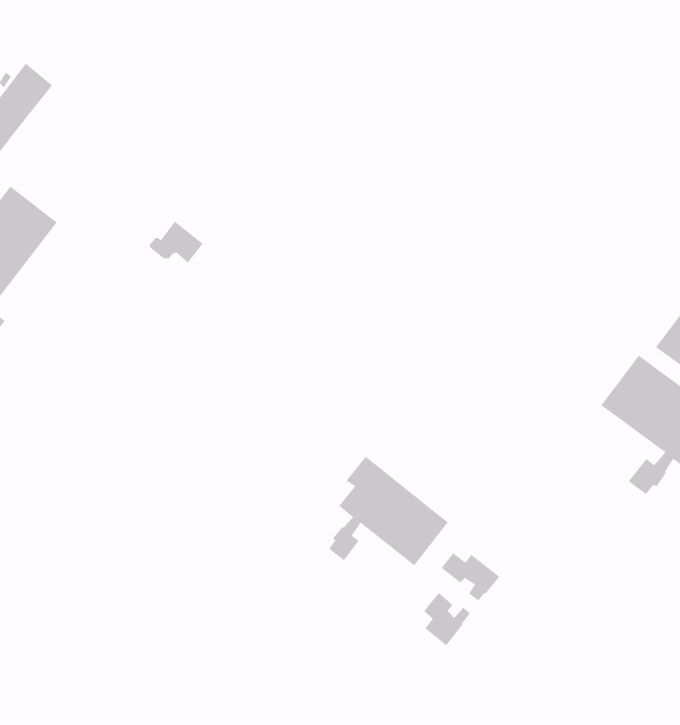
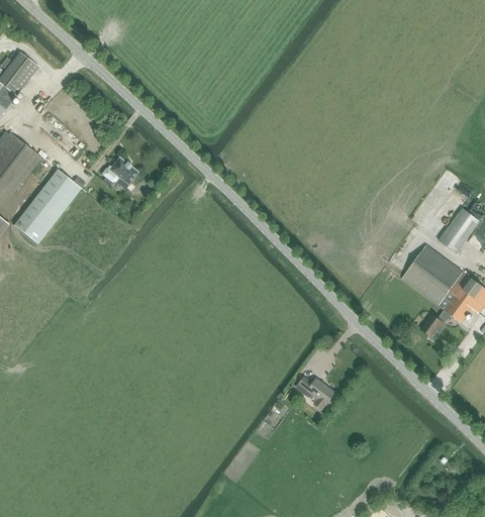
building: none -> [12,169,80,242]
building: [328,456,449,566] -> none
building: [424,592,471,646] -> none

